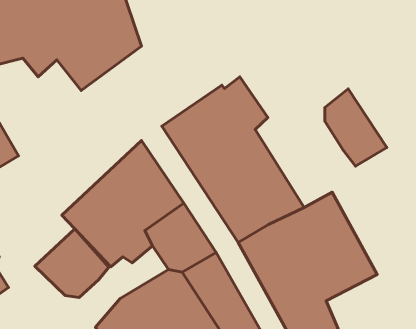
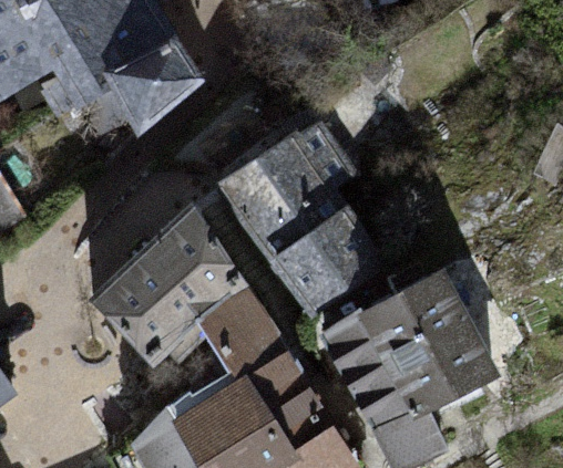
building: [325,89,387,166] -> none
building: [35,229,109,297] -> none

